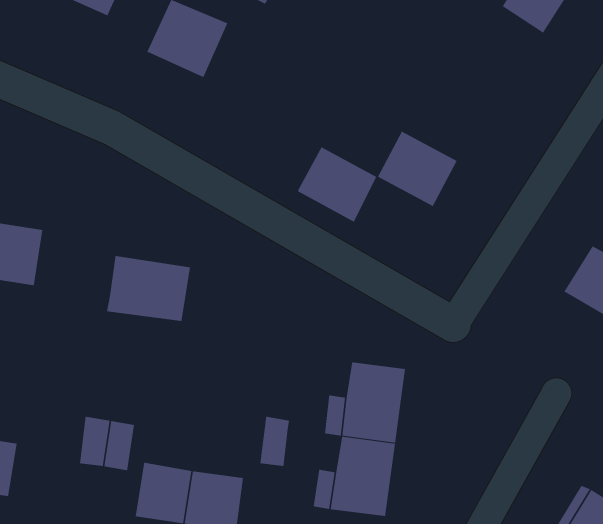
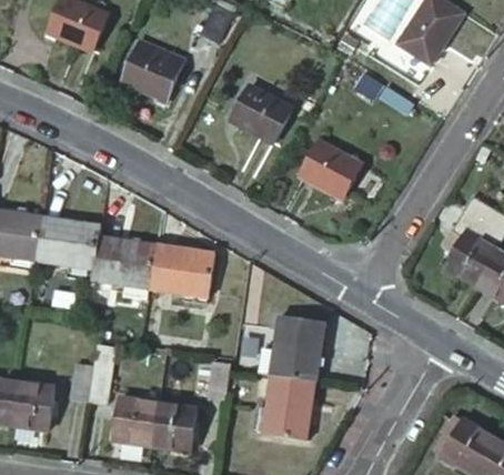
building: [297,147,377,223] -> [230,83,292,142]
building: none -> [34,216,99,267]
building: none -> [149,245,214,296]
building: none -> [14,382,53,427]

